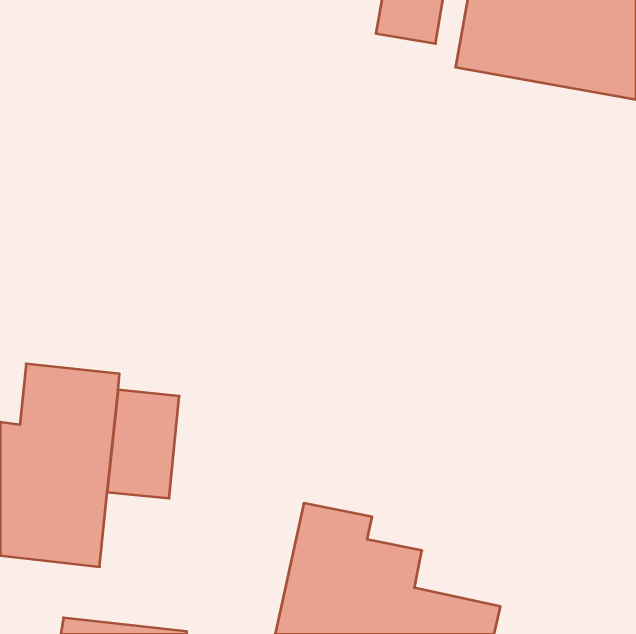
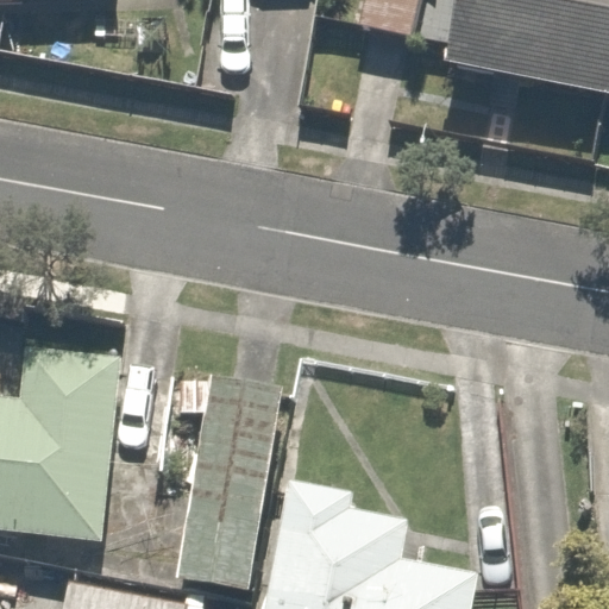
building: none -> [167,375,284,591]

